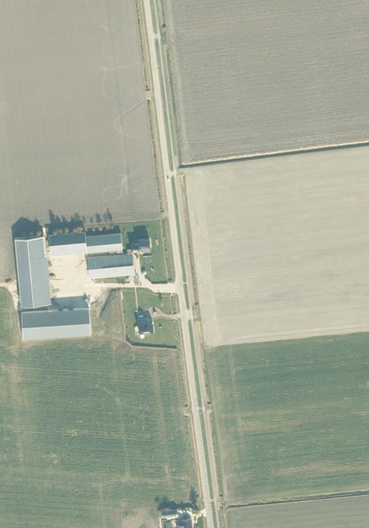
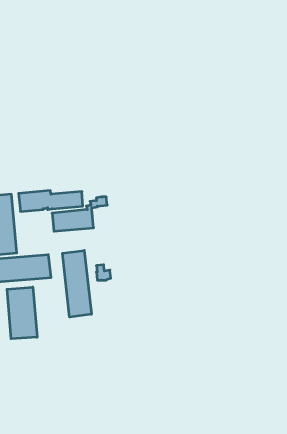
building: none -> [63,250,91,317]
building: none -> [7,287,37,339]

